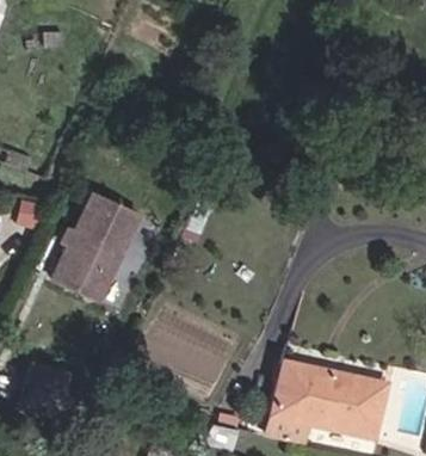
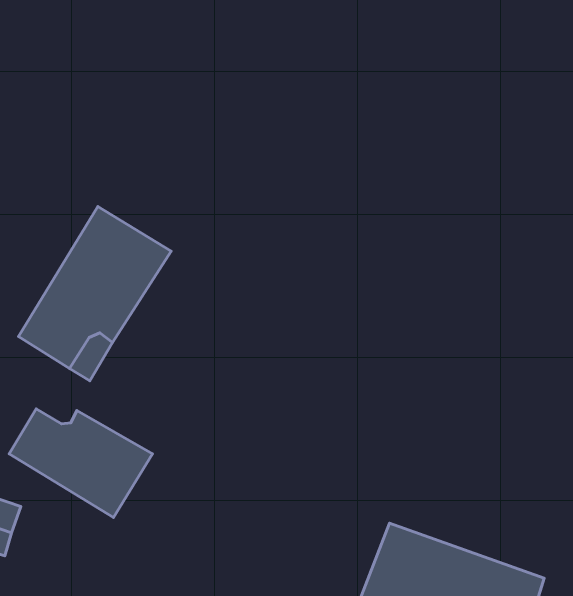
building: none -> [9,409,152,518]

